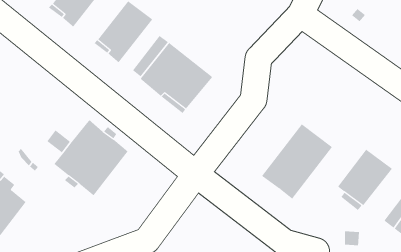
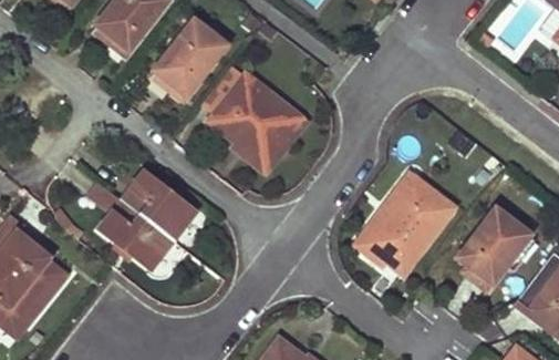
building: none -> [352,171,415,267]

